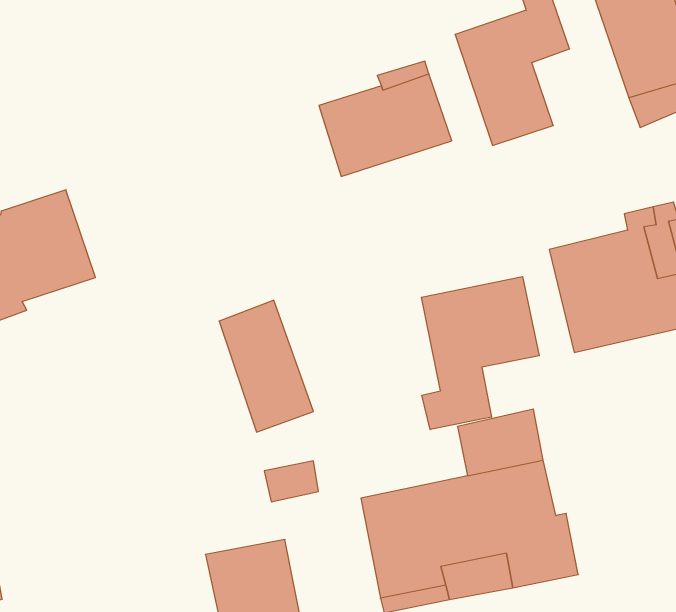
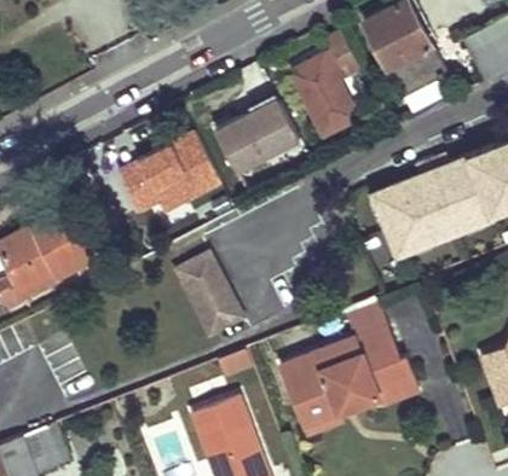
building: none -> [111,134,221,226]
building: [421,277,539,430] -> none

